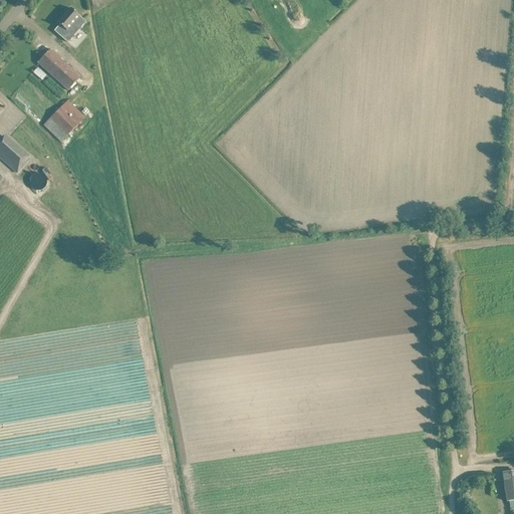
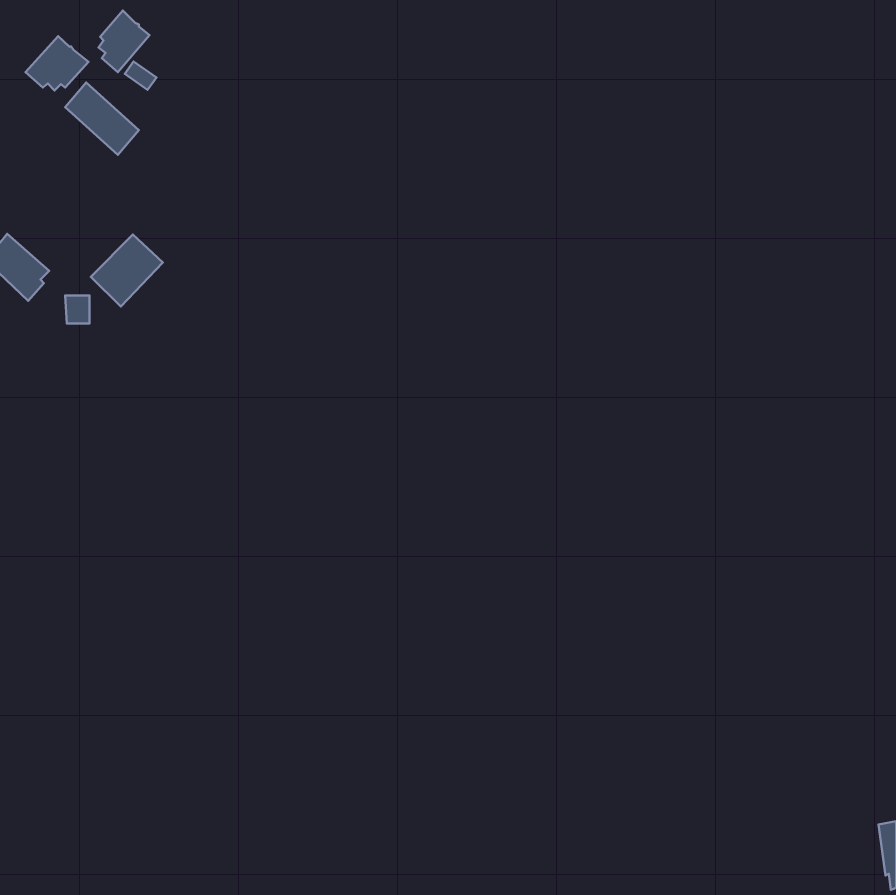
building: none -> [25,36,89,90]
building: [43,99,84,141] -> [91,234,163,307]

